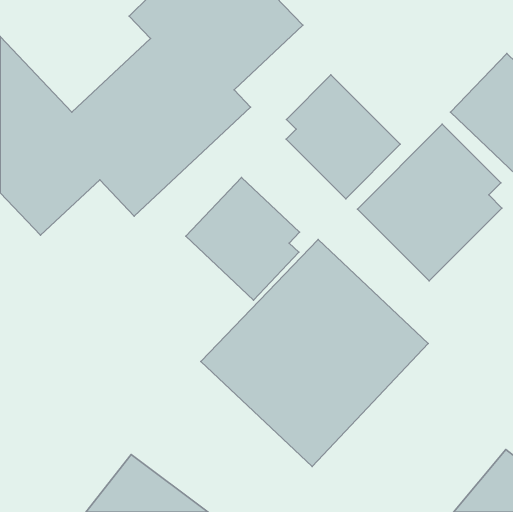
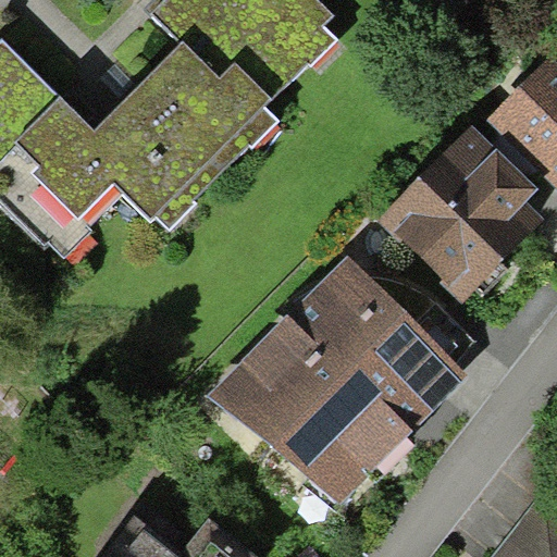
building: [286,75,400,199] -> none
building: [186,177,299,300] -> none

